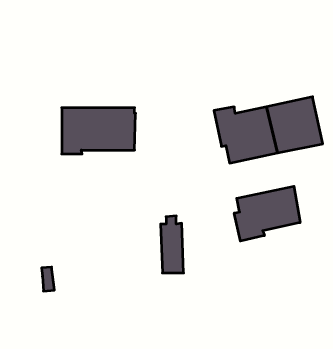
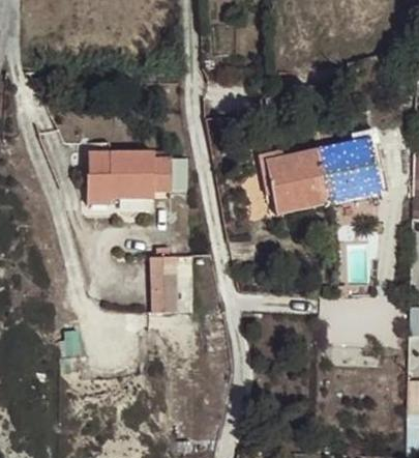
building: [234,186,300,241] -> none
building: [161,216,184,273] -> [150,248,176,312]

